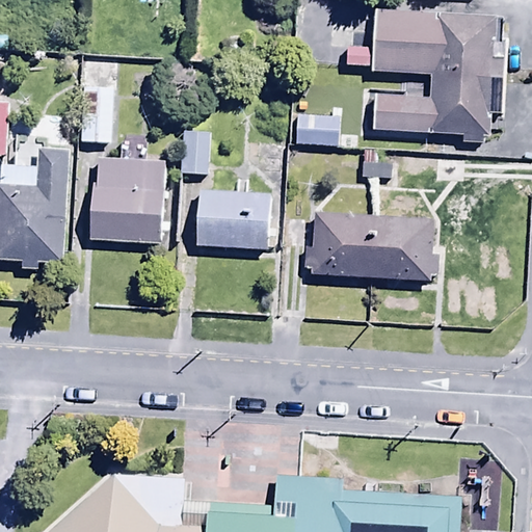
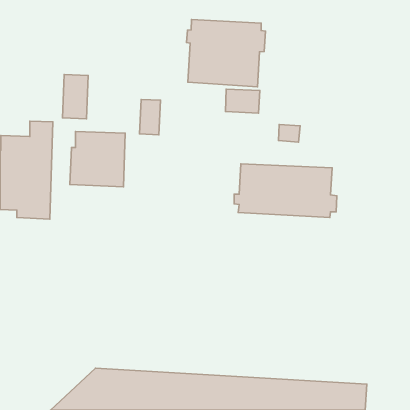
building: [345,10,503,147] -> none
building: none -> [186,19,265,87]
building: [198,188,270,246] -> none

